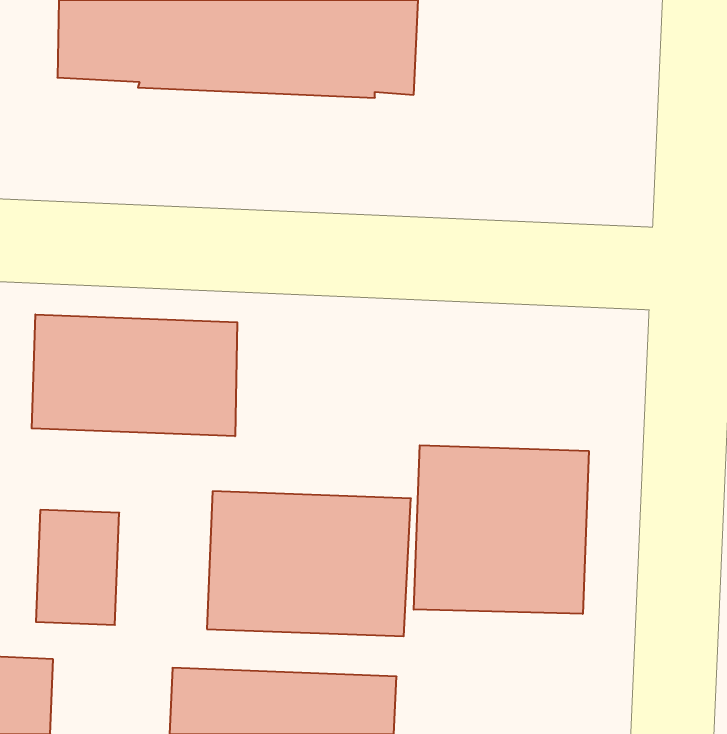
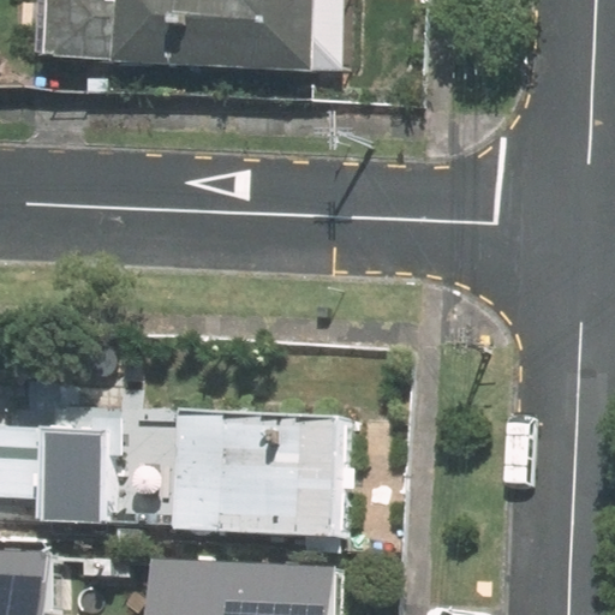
building: [32,314,237,436] -> none
building: [414,445,589,614] -> none

